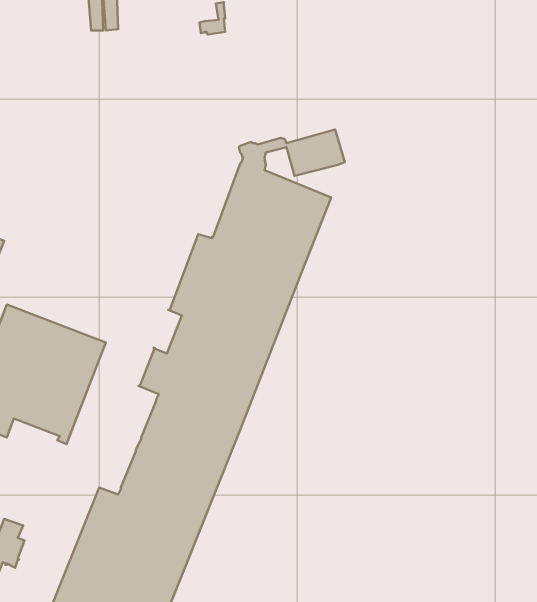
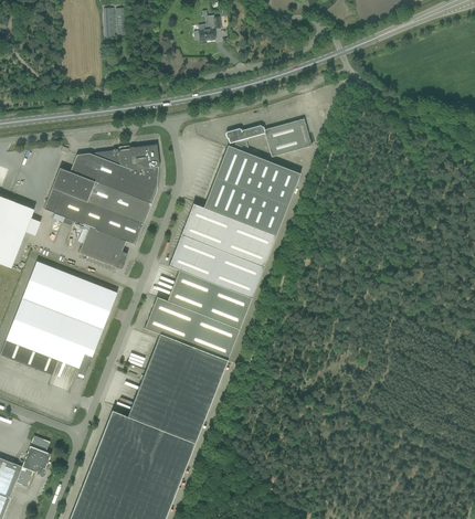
building: none -> [51,145,158,268]

